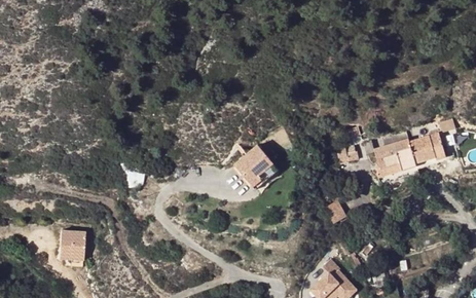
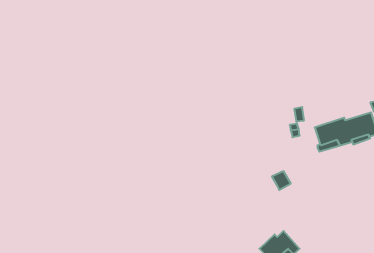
building: [235,146,280,190] -> none
building: [61,230,86,255] -> none

